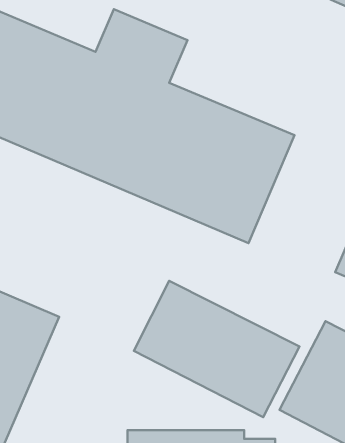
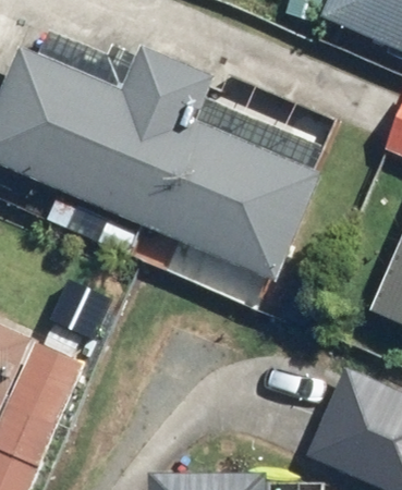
building: [134,281,299,417] -> none

